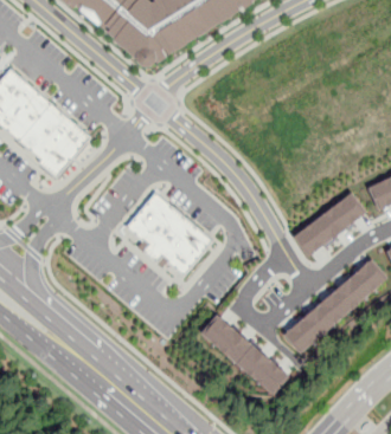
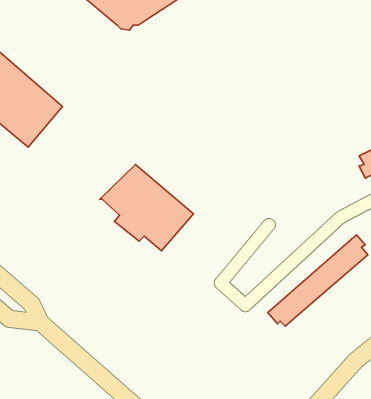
building: [299,196,364,252] -> none
building: [206,316,287,390] -> none

